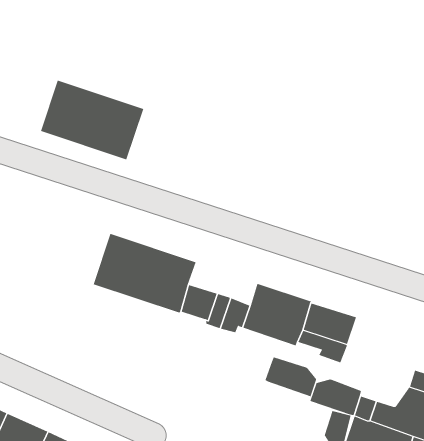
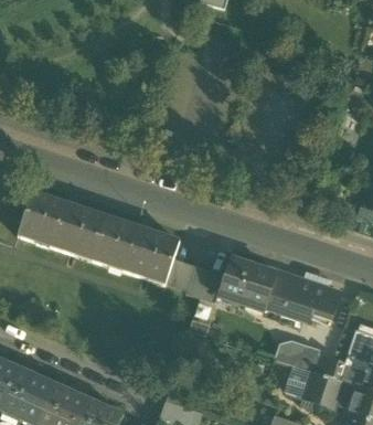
building: [40,80,144,160] -> [19,191,106,258]
building: none -> [306,286,339,318]
building: [265,357,317,397] -> none

